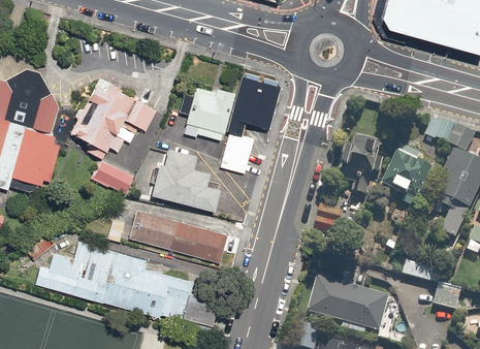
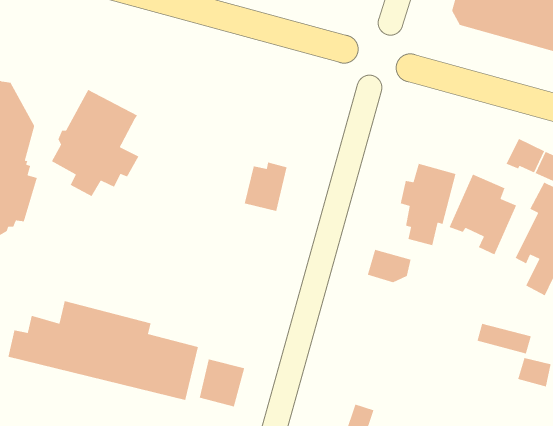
building: [234,76,278,128] -> none
building: [181,85,235,139] -> none
building: [127,100,157,130] -> none
building: [152,148,222,210] -> none
building: [88,160,130,194] -> none
building: [129,208,229,262] -> none
building: [310,275,391,334] -> none

